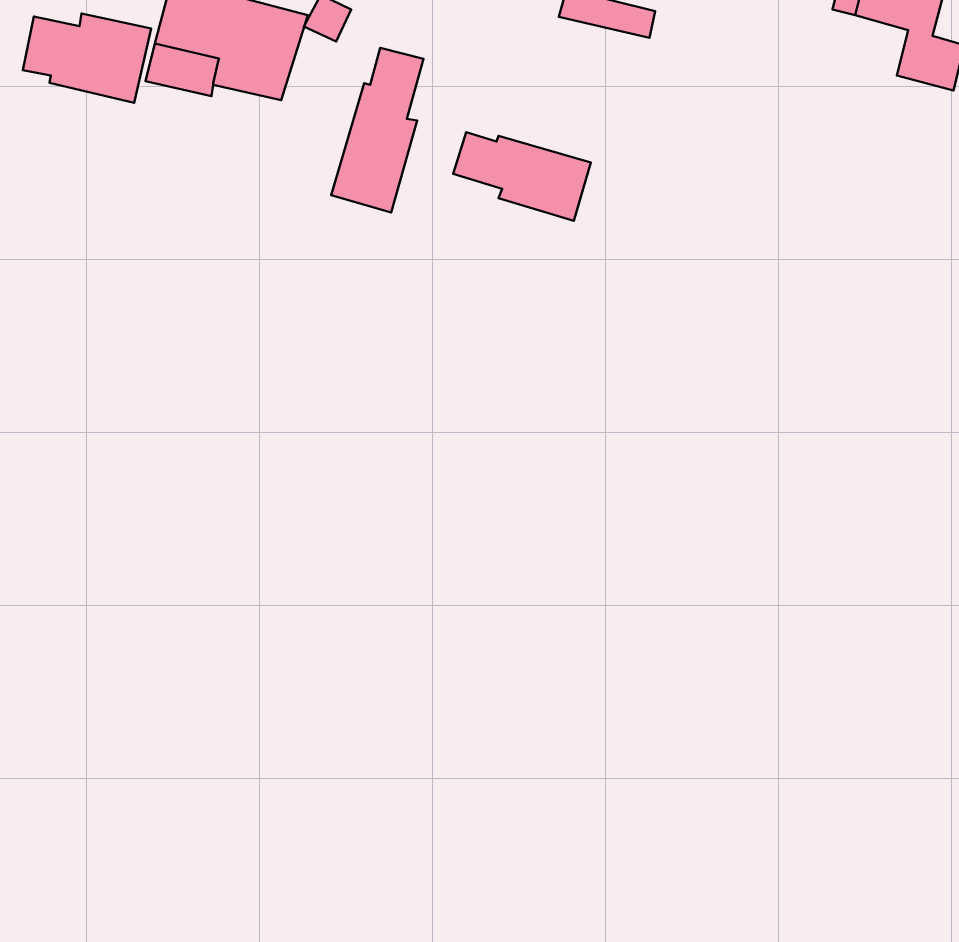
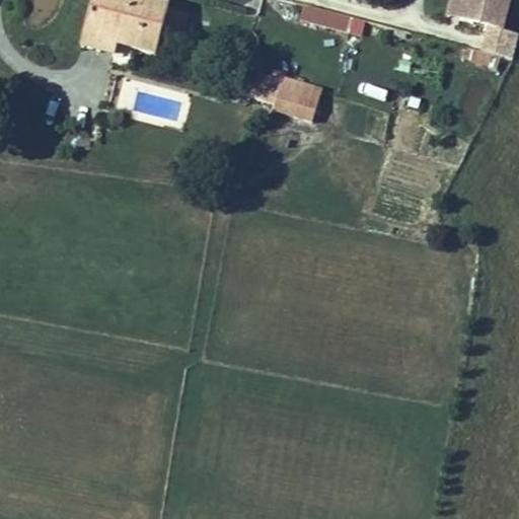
building: [23,13,151,103] -> none
building: [331,48,423,212] -> none

